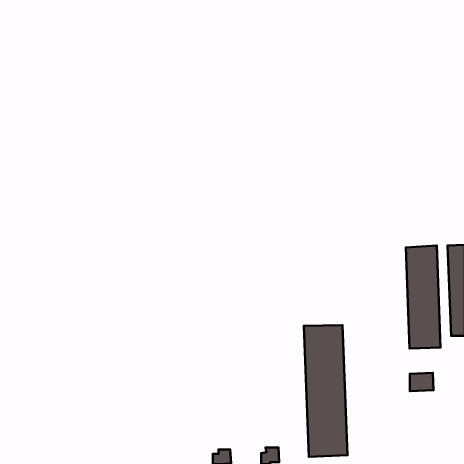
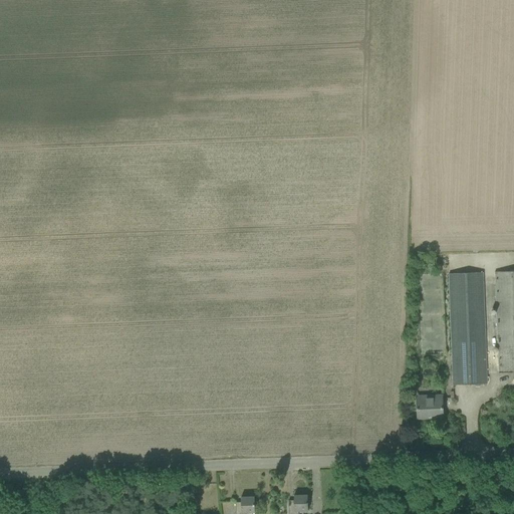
building: [304,325,347,457] -> none
building: [410,373,434,391] -> [418,398,444,418]

